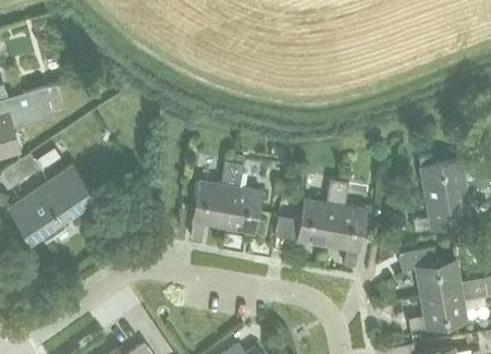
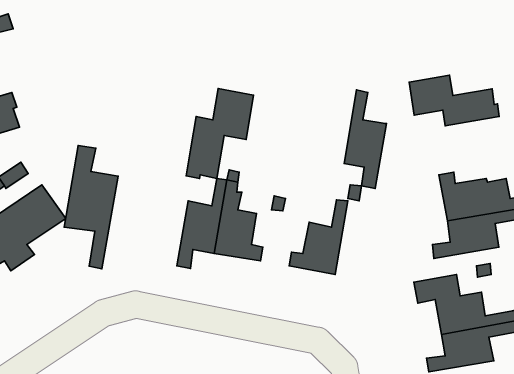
building: none -> [409,75,499,126]
building: none -> [186,89,254,179]
building: none -> [64,145,118,269]
building: [328,181,365,267] -> [344,90,386,188]

